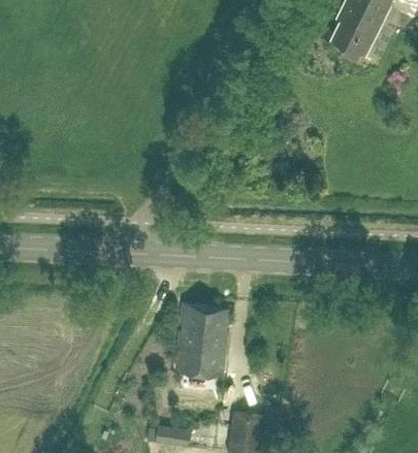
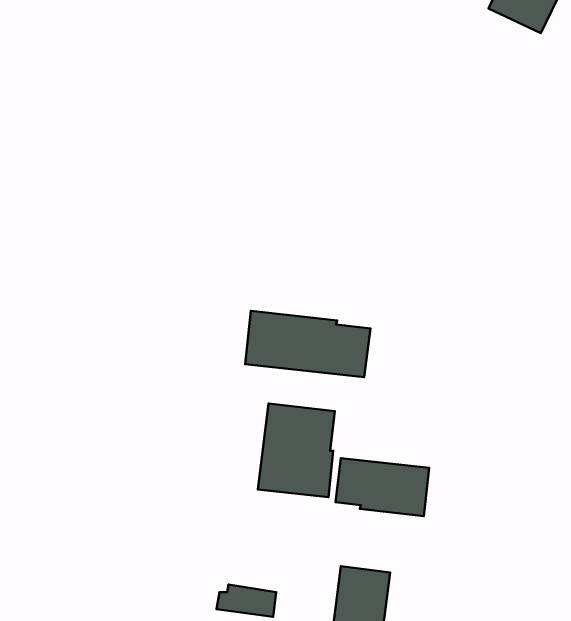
building: none -> [245,311,370,377]
building: none -> [335,458,429,516]

